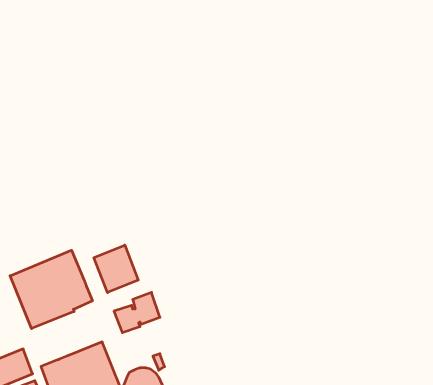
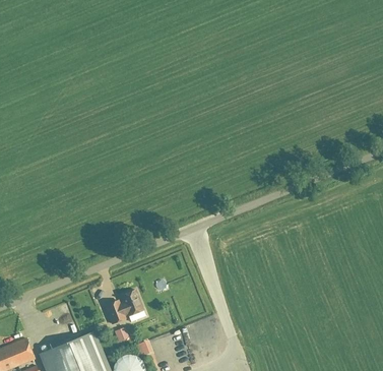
building: [94,245,138,293] -> none
building: [10,250,92,329] -> none

